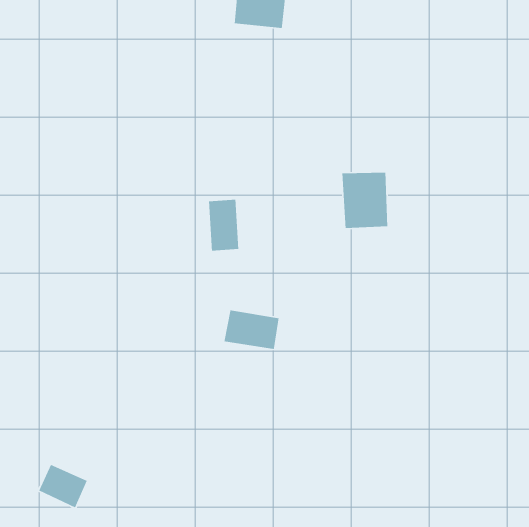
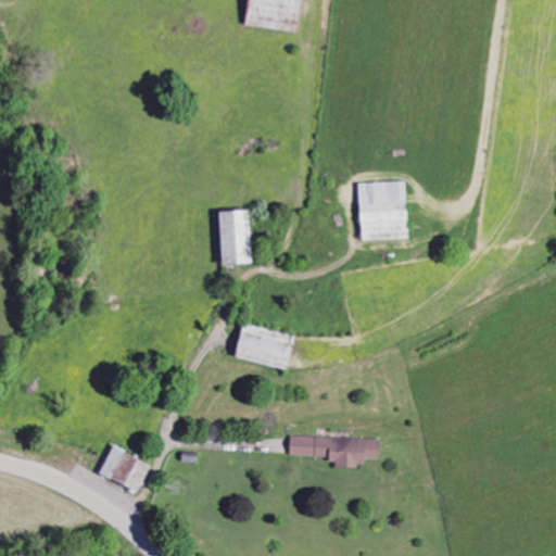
building: none -> [290,435,379,466]
building: [38,464,88,508] -> [99,445,151,492]

